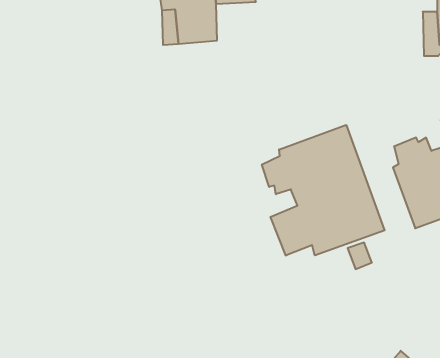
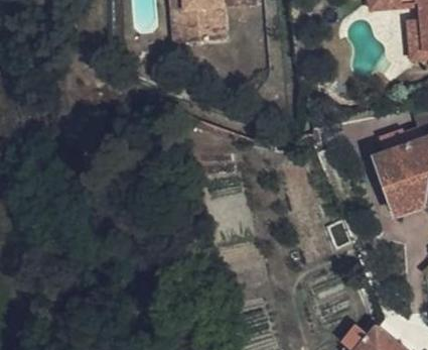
building: [262,125,385,256] -> none

